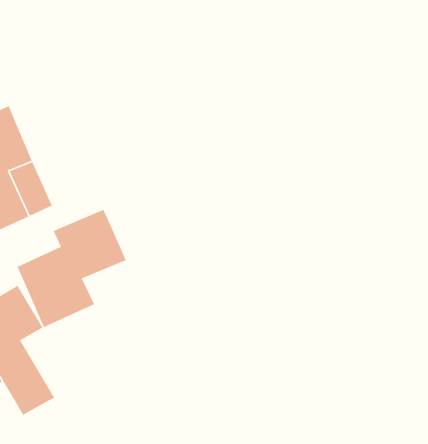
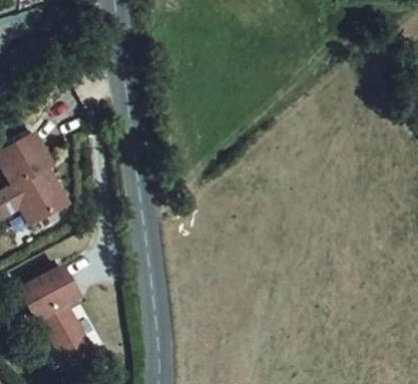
building: [17,209,127,328] -> none

